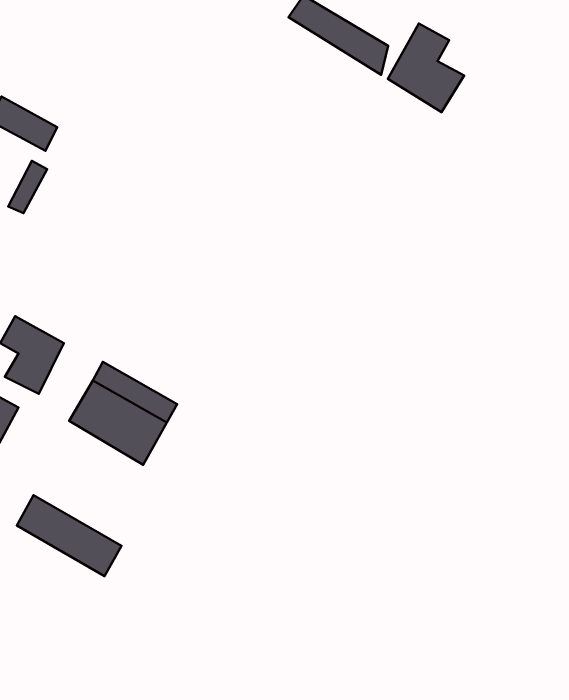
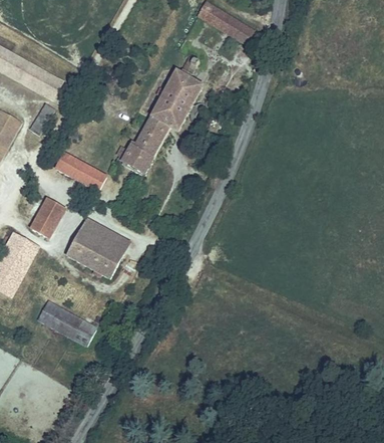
building: [388,23,464,112] -> none
building: none -> [119,59,203,179]
building: none -> [57,153,105,190]

